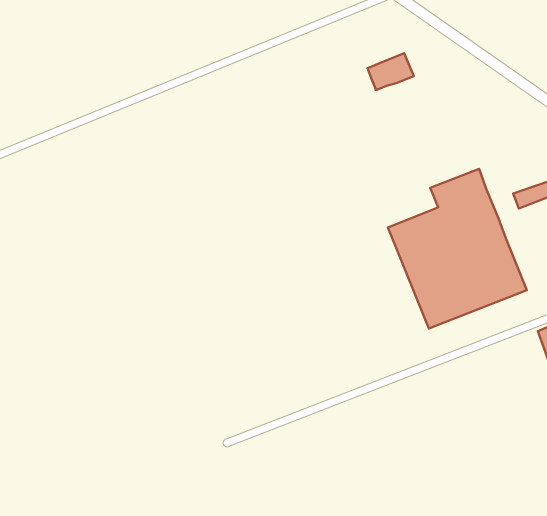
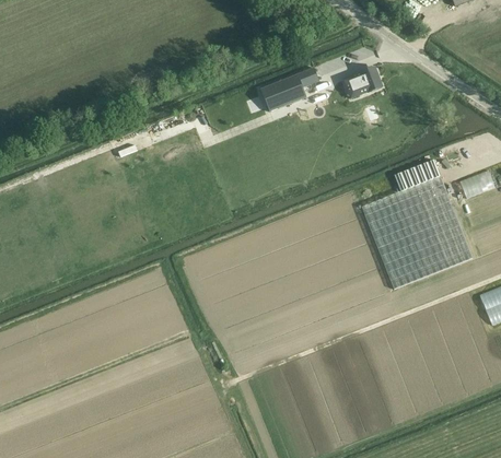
building: none -> [260,68,319,111]

